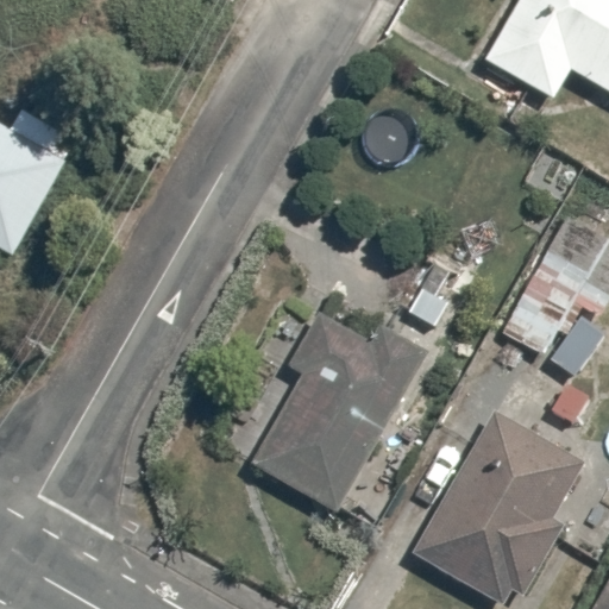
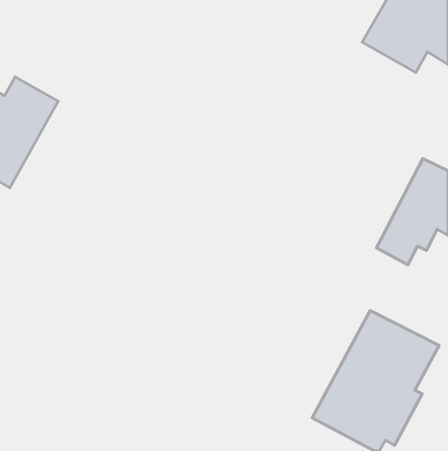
building: [257,319,422,508] -> none

